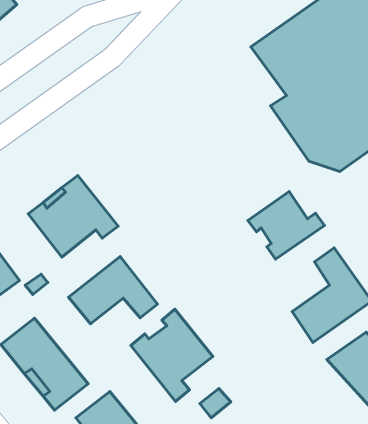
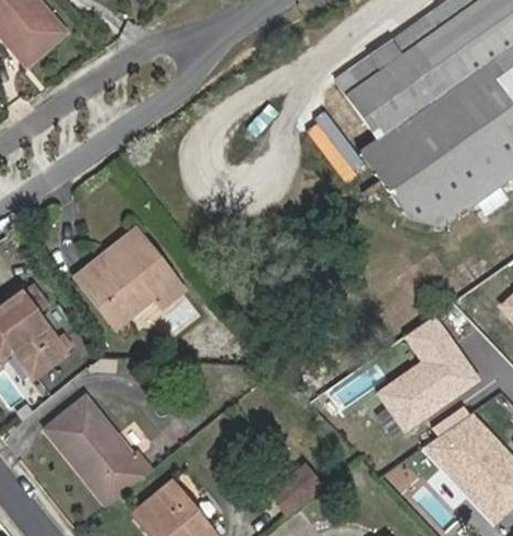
building: [248,192,324,259] -> none
building: [68,256,158,324] -> none
building: [131,309,213,401] -> none

